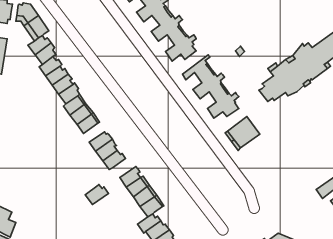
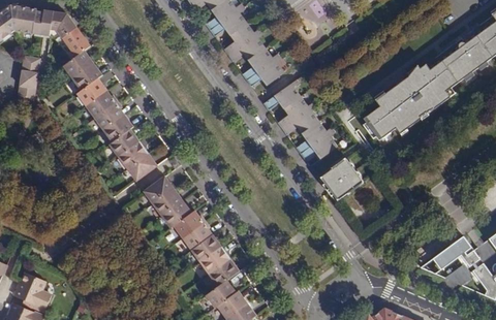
building: [85,185,109,205] -> [174,211,204,236]

